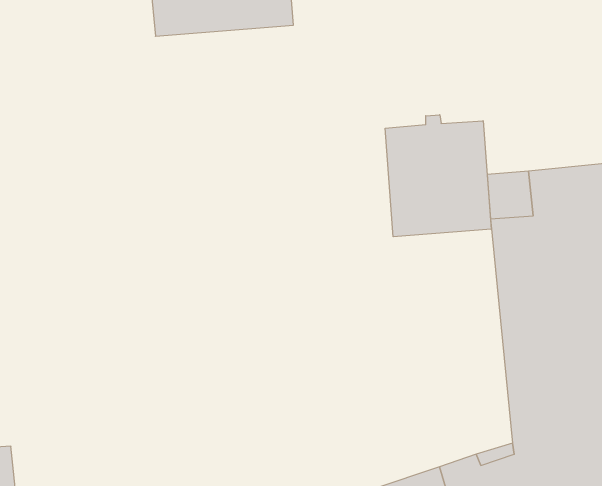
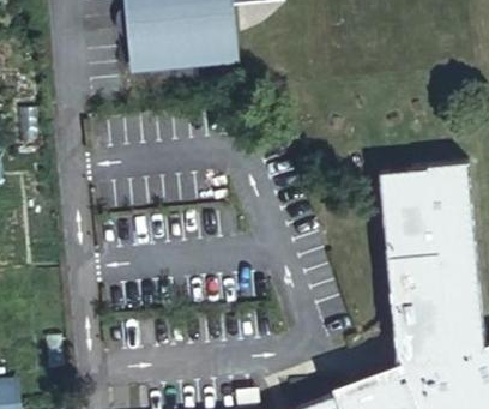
building: [385,115,491,237] -> none

